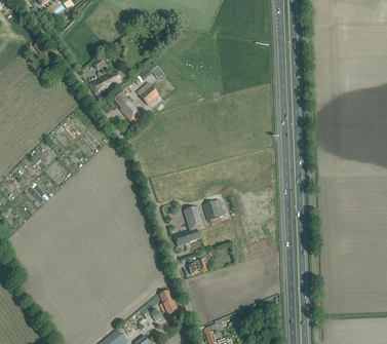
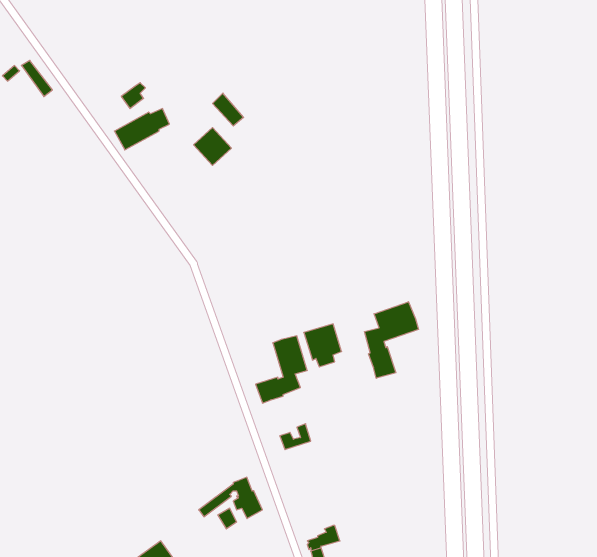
building: [114,92,142,123] -> none
building: none -> [365,302,418,378]

